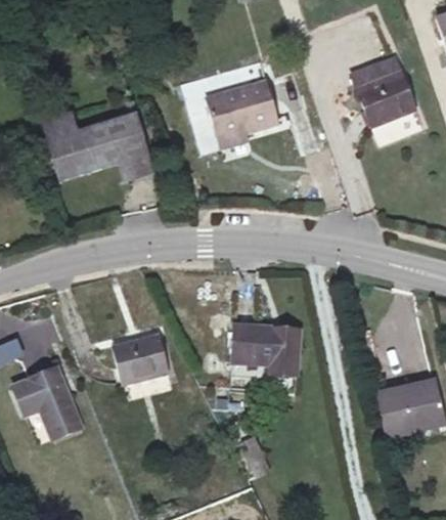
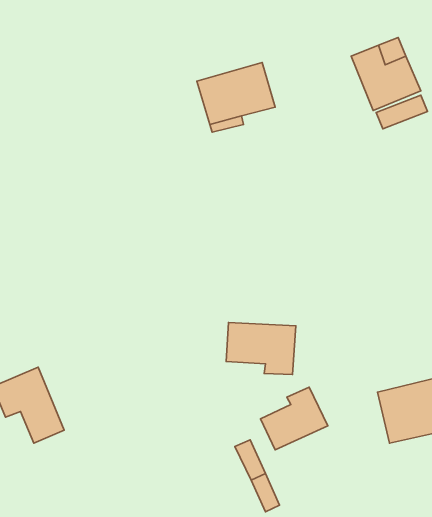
building: [42,111,154,180] -> none
building: [112,334,168,383] -> none
building: none -> [261,387,328,450]

